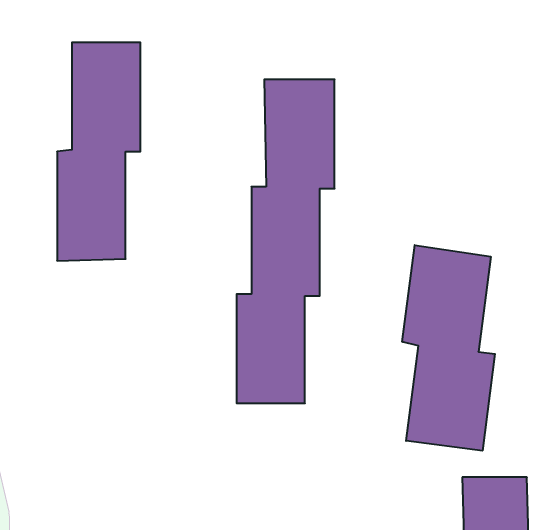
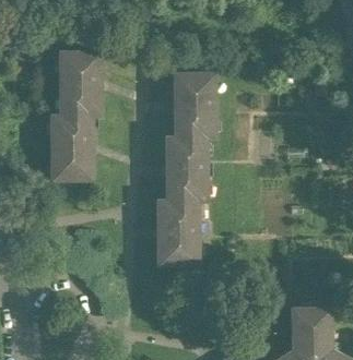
building: [402,245,495,451] -> none

